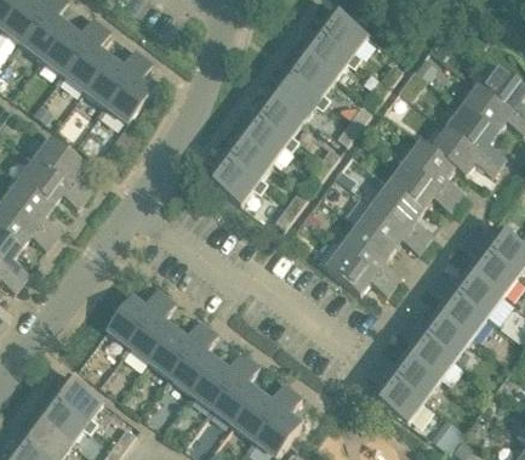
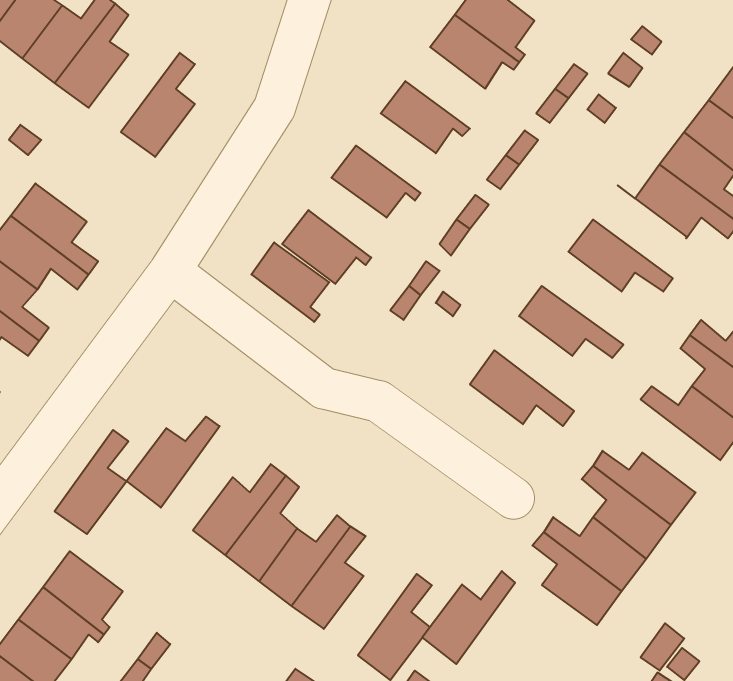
building: [82,50,141,107] -> none
building: [285,52,336,104] -> none
building: [253,95,304,146] -> none
building: [223,136,273,187] -> [251,242,329,322]
building: [405,141,464,200] -> none
building: [372,183,432,243] -> none
building: [342,225,400,285] -> none
building: [429,278,486,337] -> none
building: [129,295,176,362] -> [55,430,128,534]
building: [233,382,292,442] -> [422,571,515,664]

